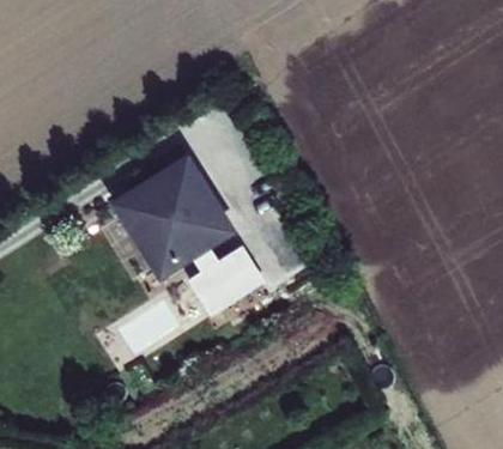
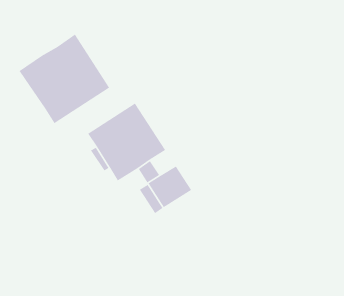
building: none -> [18,34,110,124]

